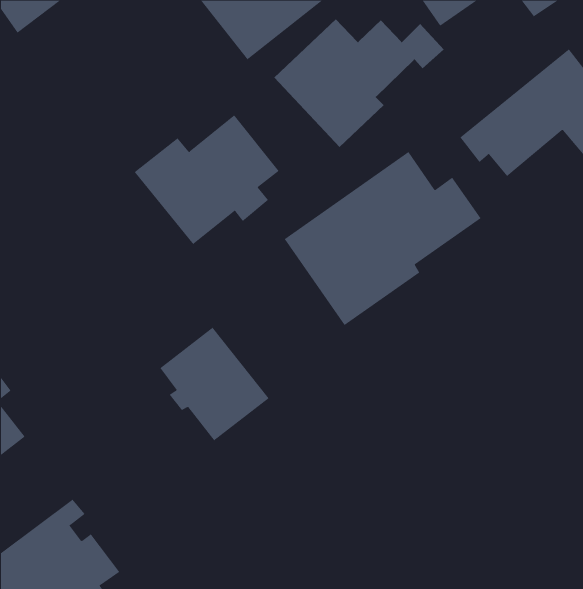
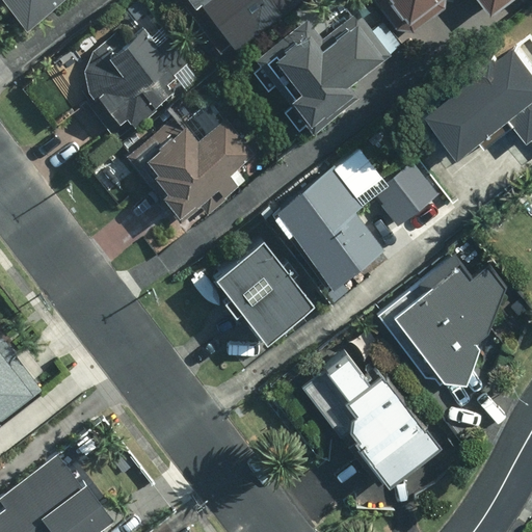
building: none -> [81,27,194,134]
building: none -> [391,263,507,385]
building: [160,327,269,441] -> [220,238,319,341]
building: none -> [300,351,436,488]

